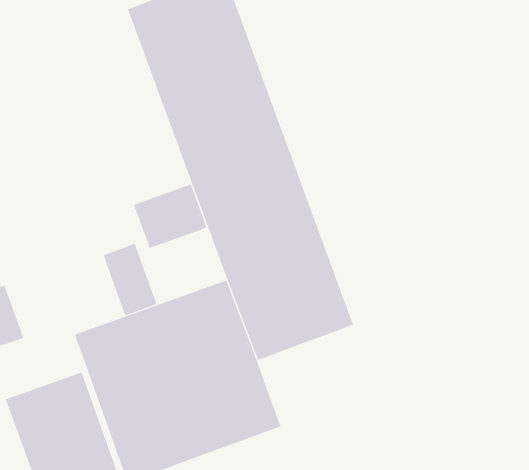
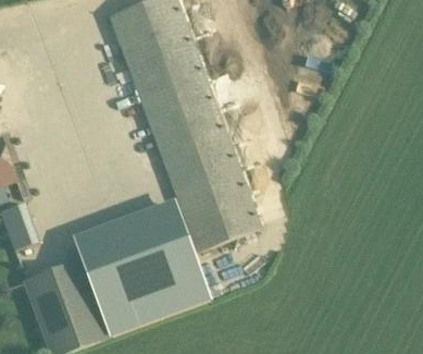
building: [133,184,207,249] -> none
building: [103,243,157,316] -> none

